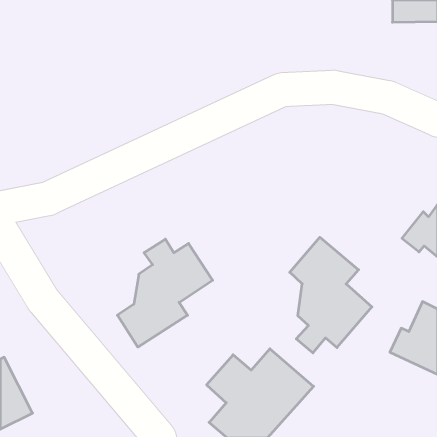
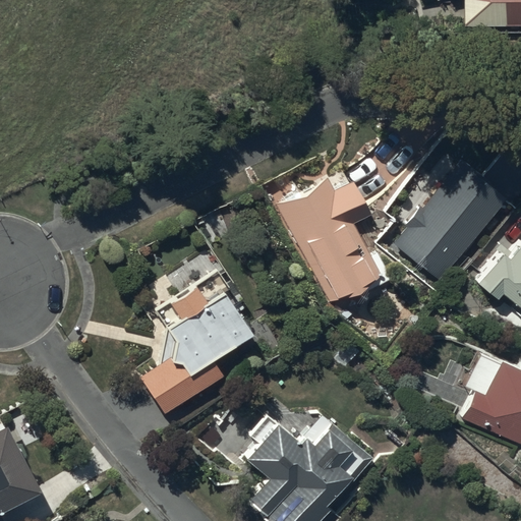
building: none -> [395,162,508,279]
building: none -> [276,177,382,303]
building: [290,237,372,353] -> none

